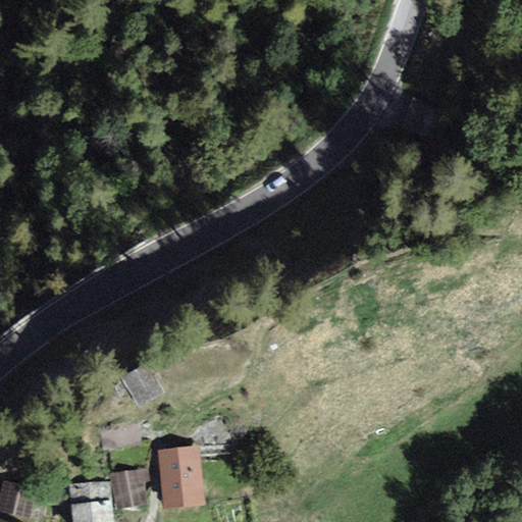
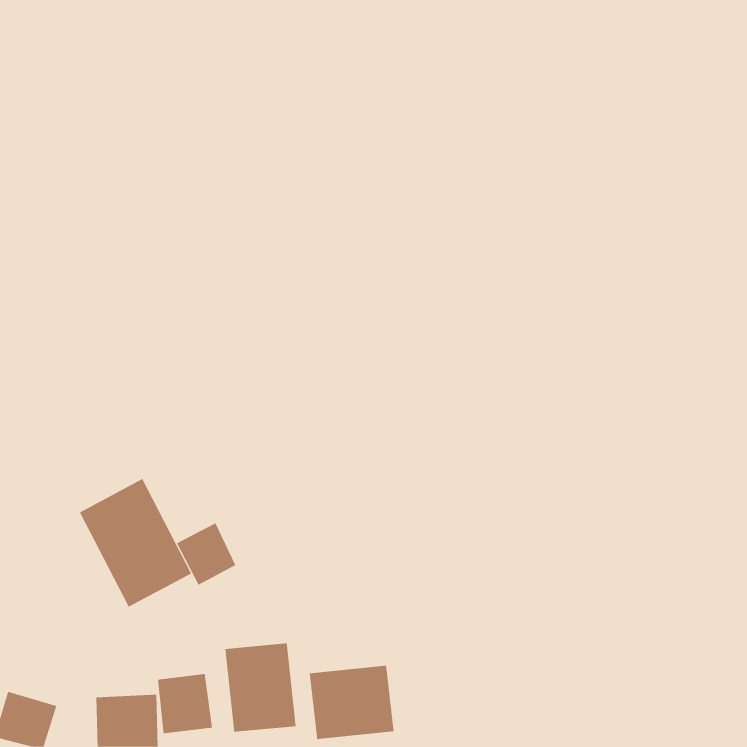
building: none -> [79,478,192,608]
building: none -> [309,665,394,740]

